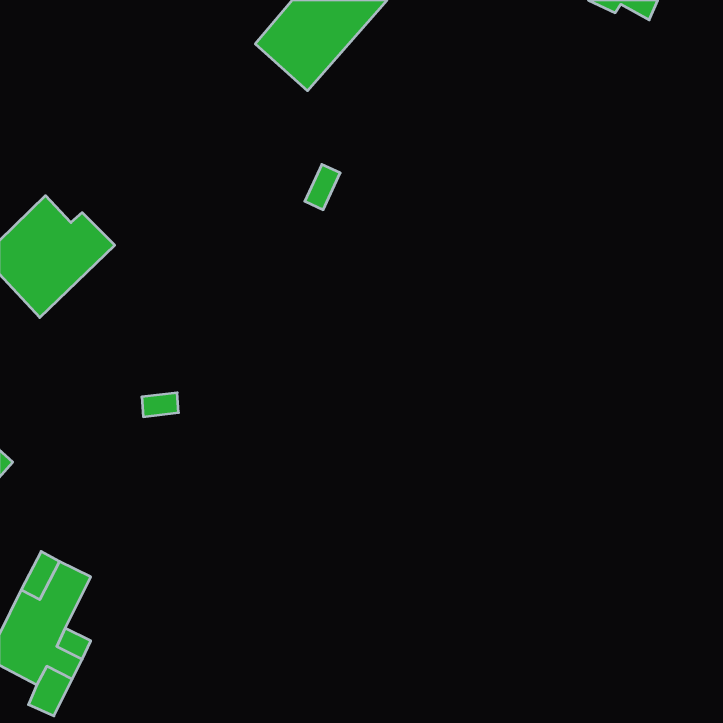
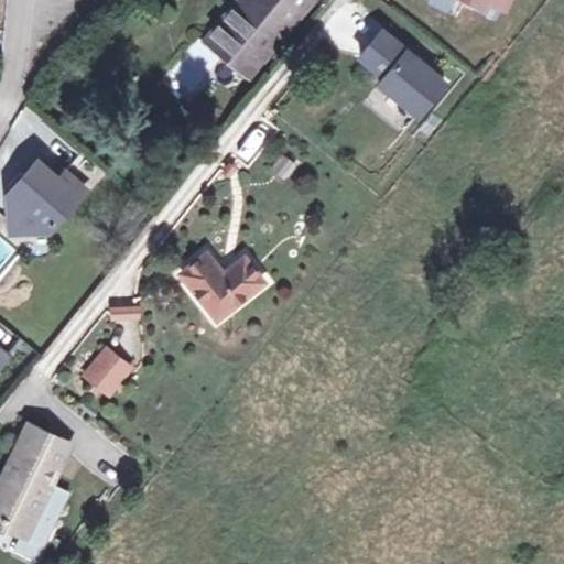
building: none -> [347,24,447,119]
building: none -> [184,253,267,318]
building: none -> [88,348,132,392]

